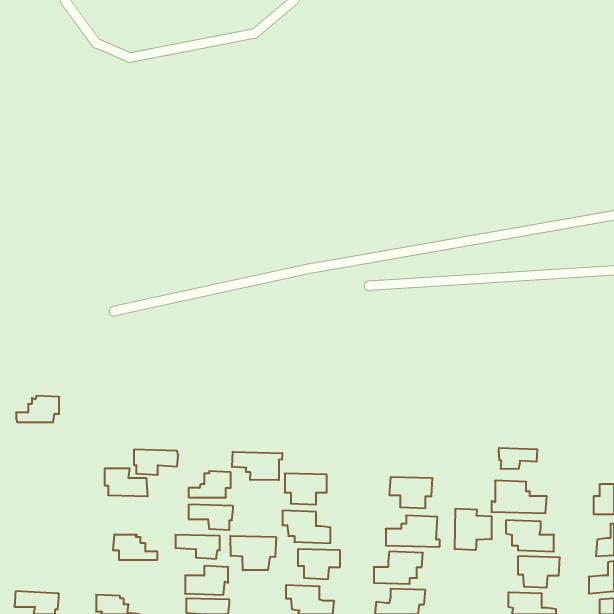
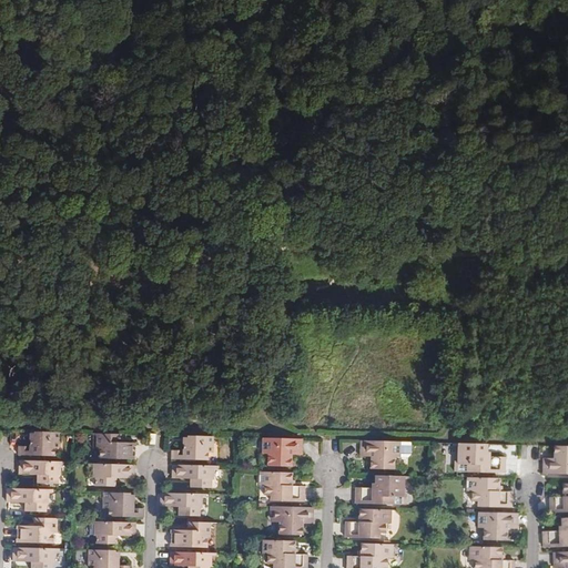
building: [16,396,59,422] -> [19,430,59,455]
building: [499,448,537,469] -> none
building: [134,450,178,475] -> [94,464,135,487]
building: [232,452,282,480] -> none
building: none -> [21,460,61,483]
building: [455,509,492,550] -> none
building: none -> [8,487,49,510]
building: [230,536,276,570] -> none
building: none -> [17,516,57,541]
building: none -> [94,521,135,544]

